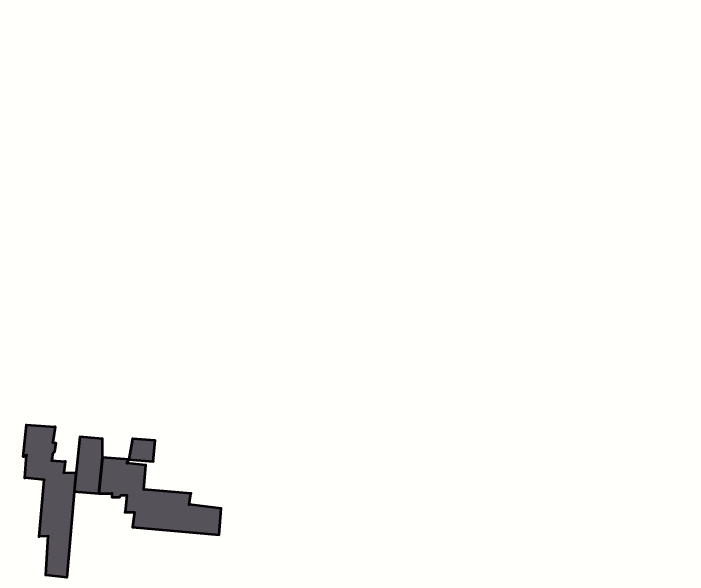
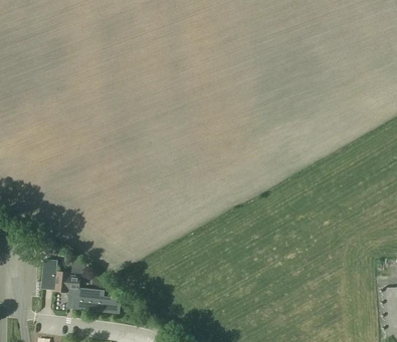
building: [23,425,76,577] -> none

